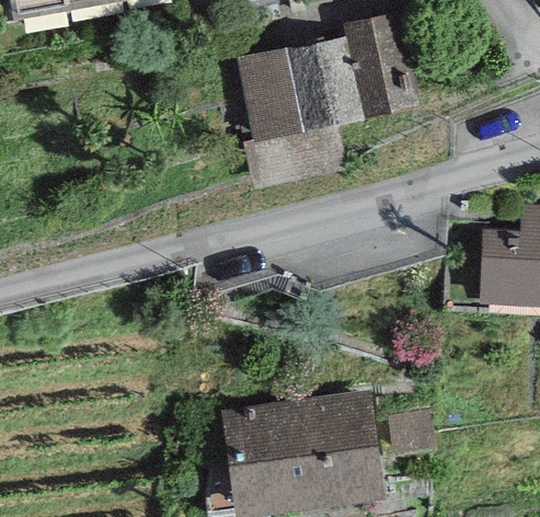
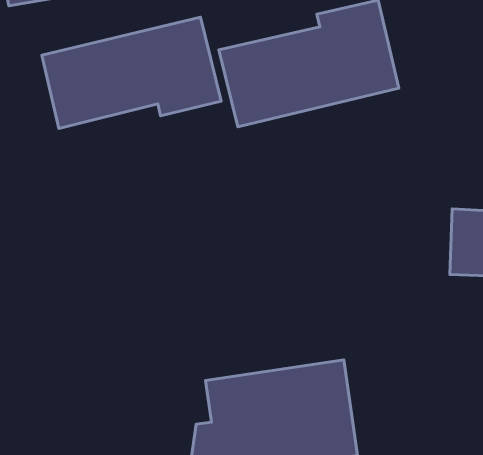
building: none -> [42,17,221,129]

